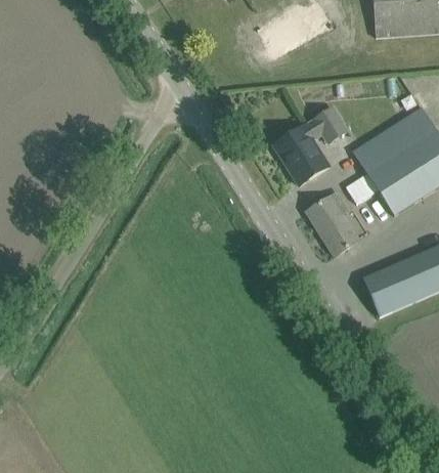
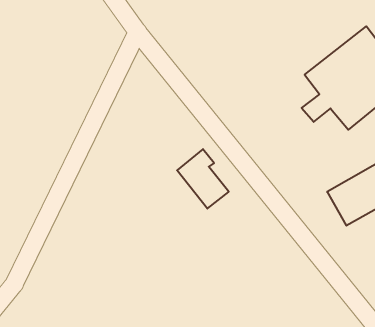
building: [274,105,350,184] -> none
building: [307,191,359,255] -> [177,149,229,209]

